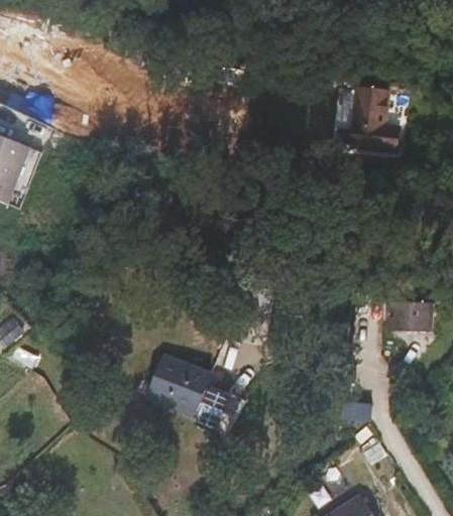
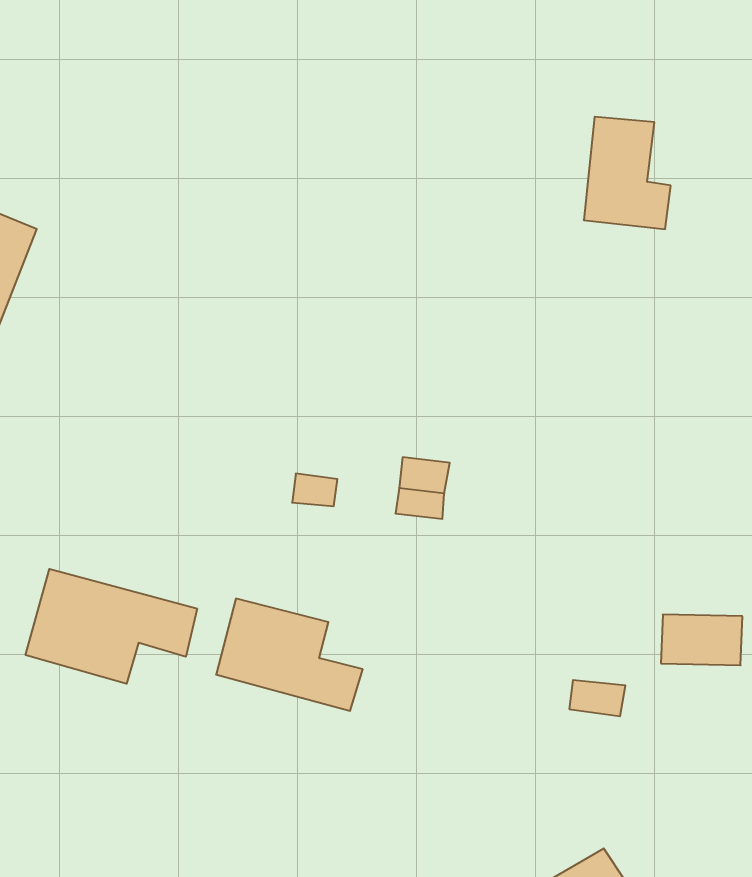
building: [385,302,431,331] -> [661,615,742,665]
building: none -> [26,569,197,684]

